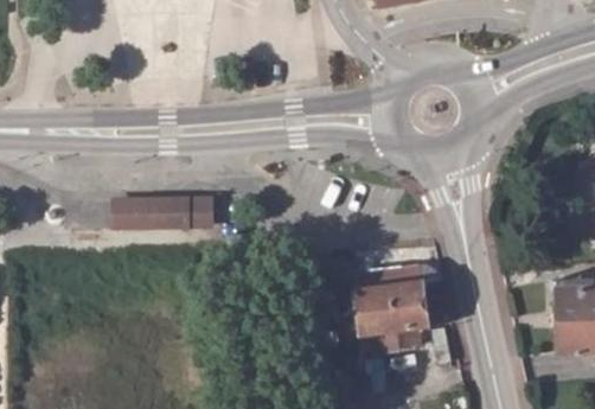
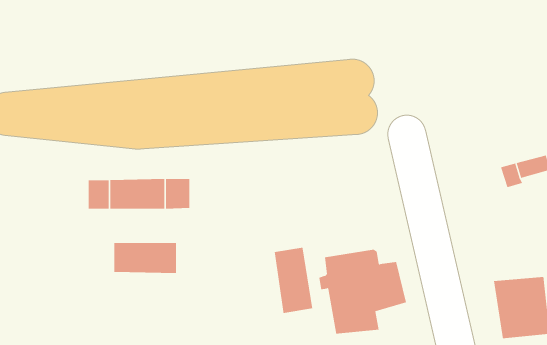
building: none -> [114,242,176,274]
building: none -> [274,247,313,314]

